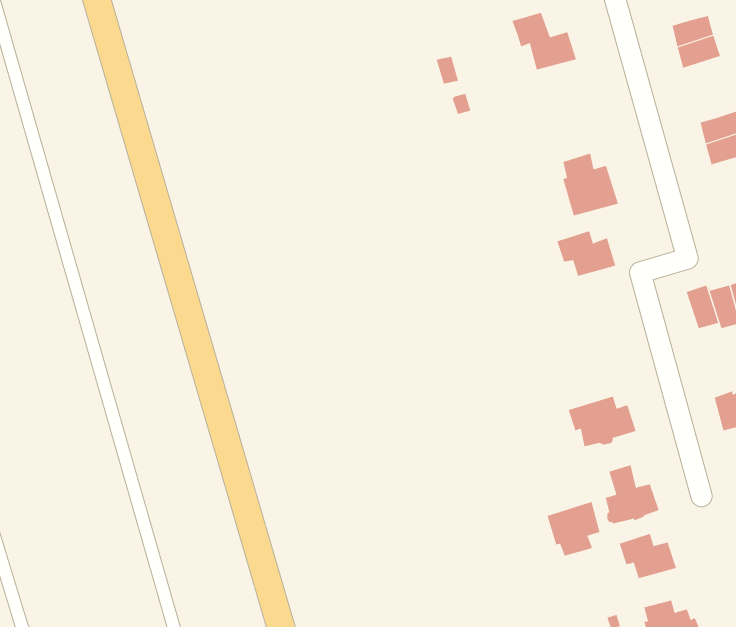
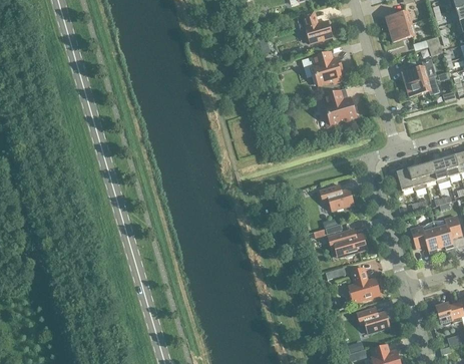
building: none -> [303,51,343,85]
building: [557,231,616,276] -> [320,184,354,210]
building: [547,501,600,557] -> none

